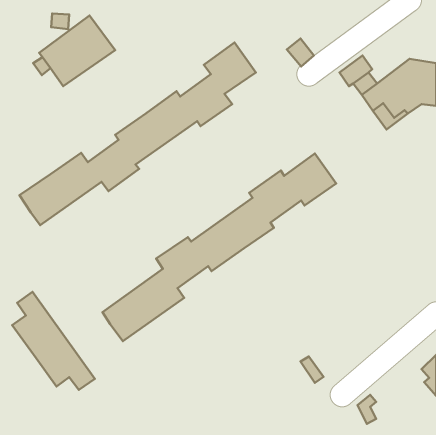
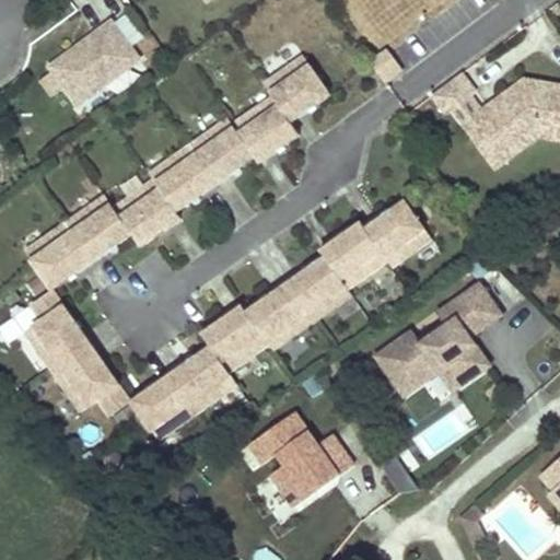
building: none -> [377,277,508,392]
building: [12,292,95,390] -> [25,290,131,416]
building: none -> [247,413,352,509]

